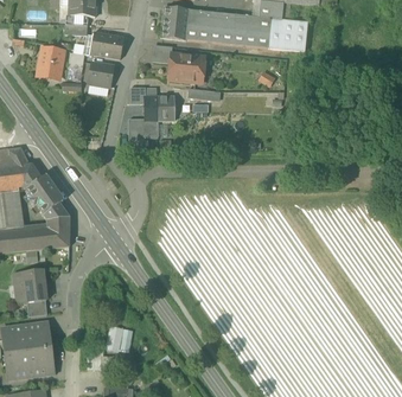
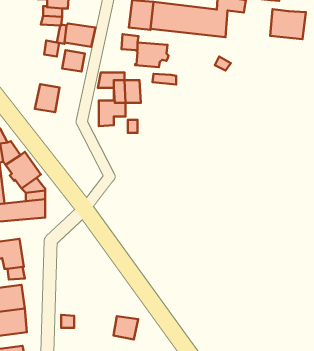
building: [268,18,307,51] -> [270,9,306,39]
building: [37,46,64,77] -> [35,84,60,112]
building: [104,325,132,351] -> [114,316,138,340]

